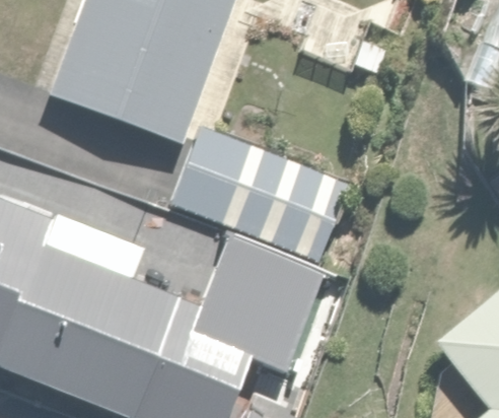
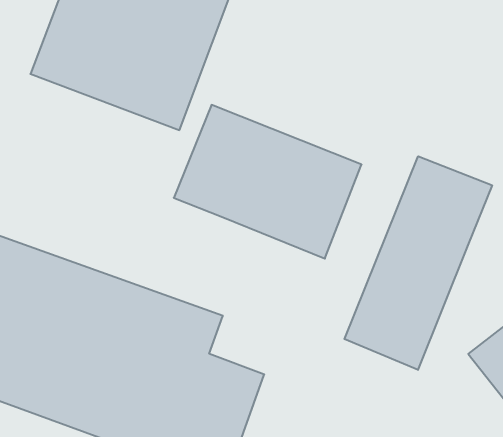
building: none -> [344,156,492,370]
building: [193,222,341,332] -> none

